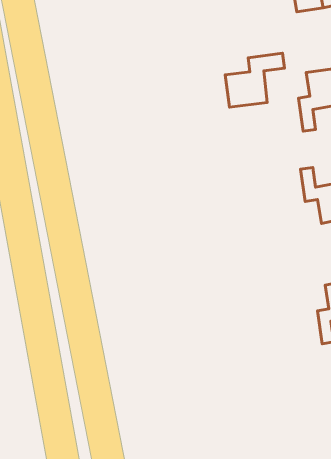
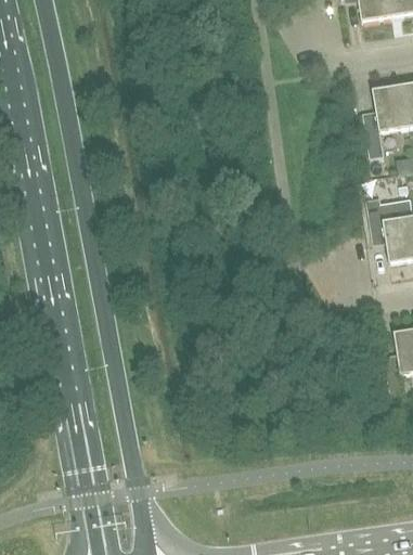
building: [225,53,285,107] -> none

